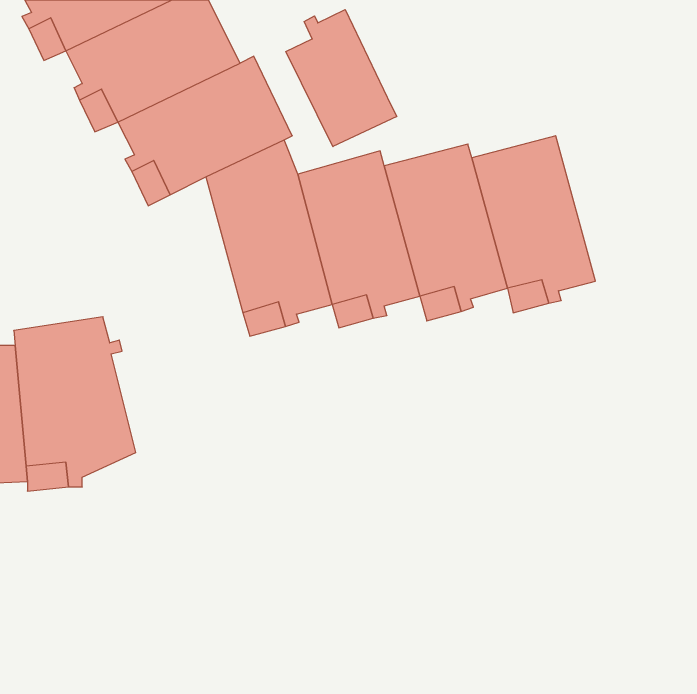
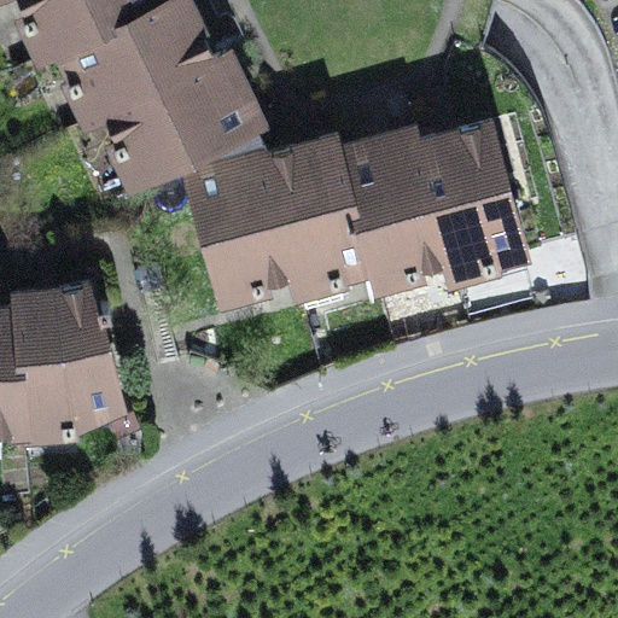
building: [286,10,397,147] -> none

